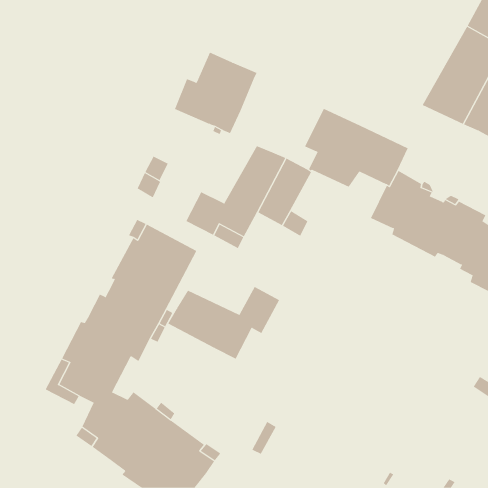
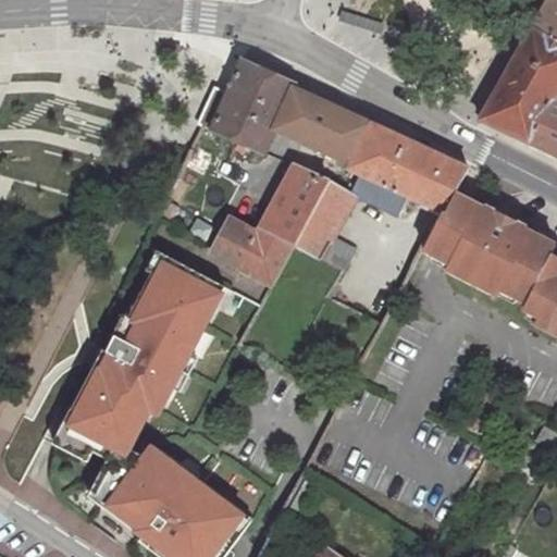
building: none -> [275,87,369,166]
building: [167,286,280,359] -> none

